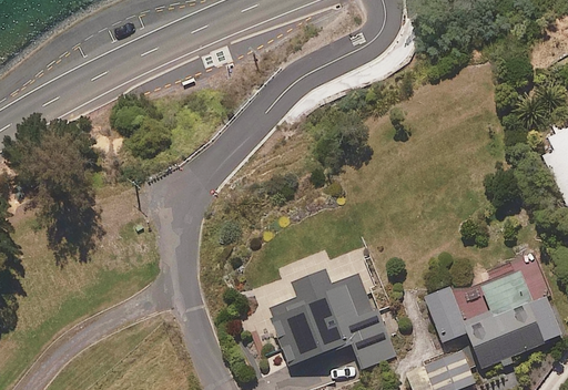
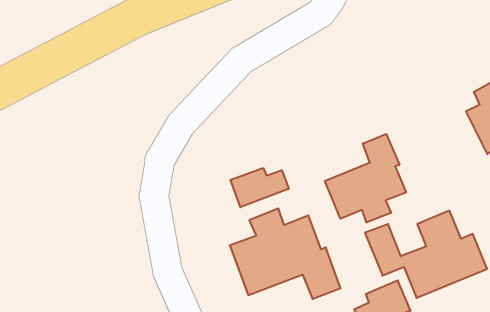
building: none -> [325,134,406,222]
building: none -> [230,168,289,207]

